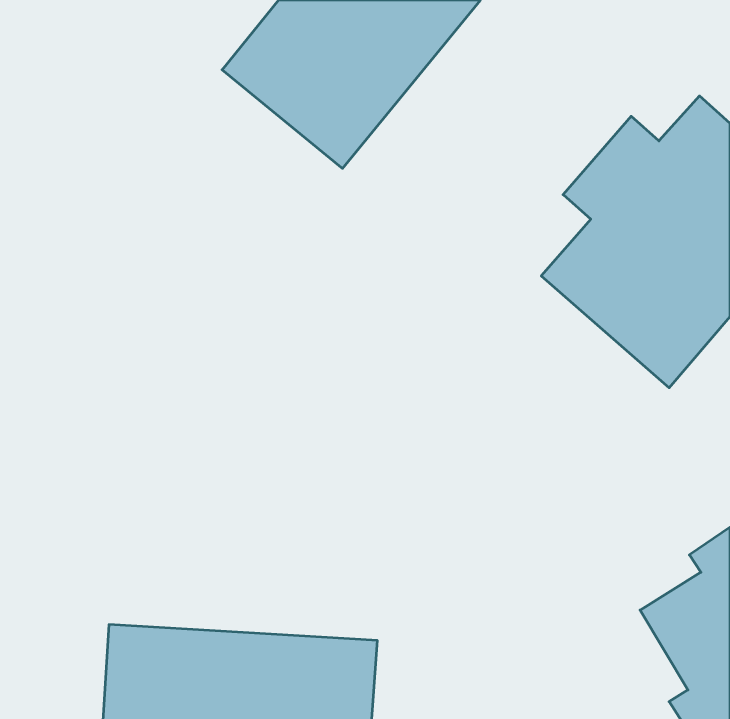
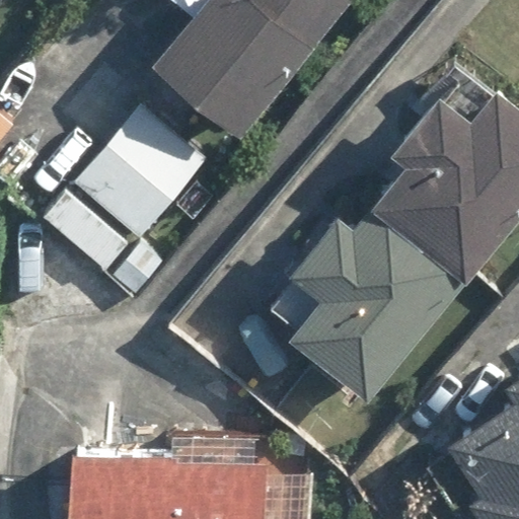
building: none -> [77,118,198,240]
building: none -> [291,209,467,398]

